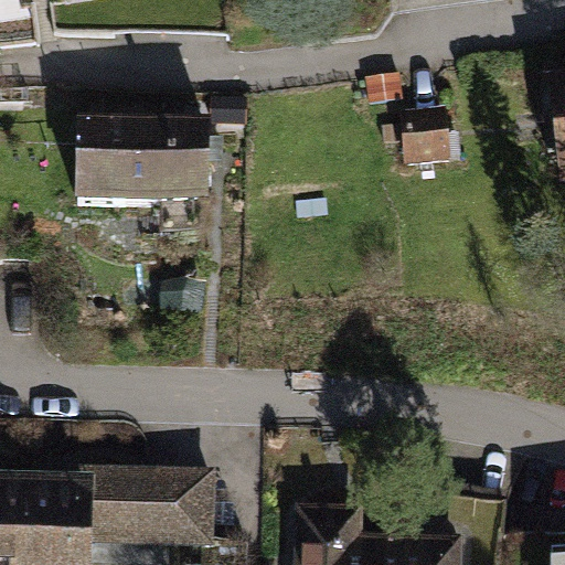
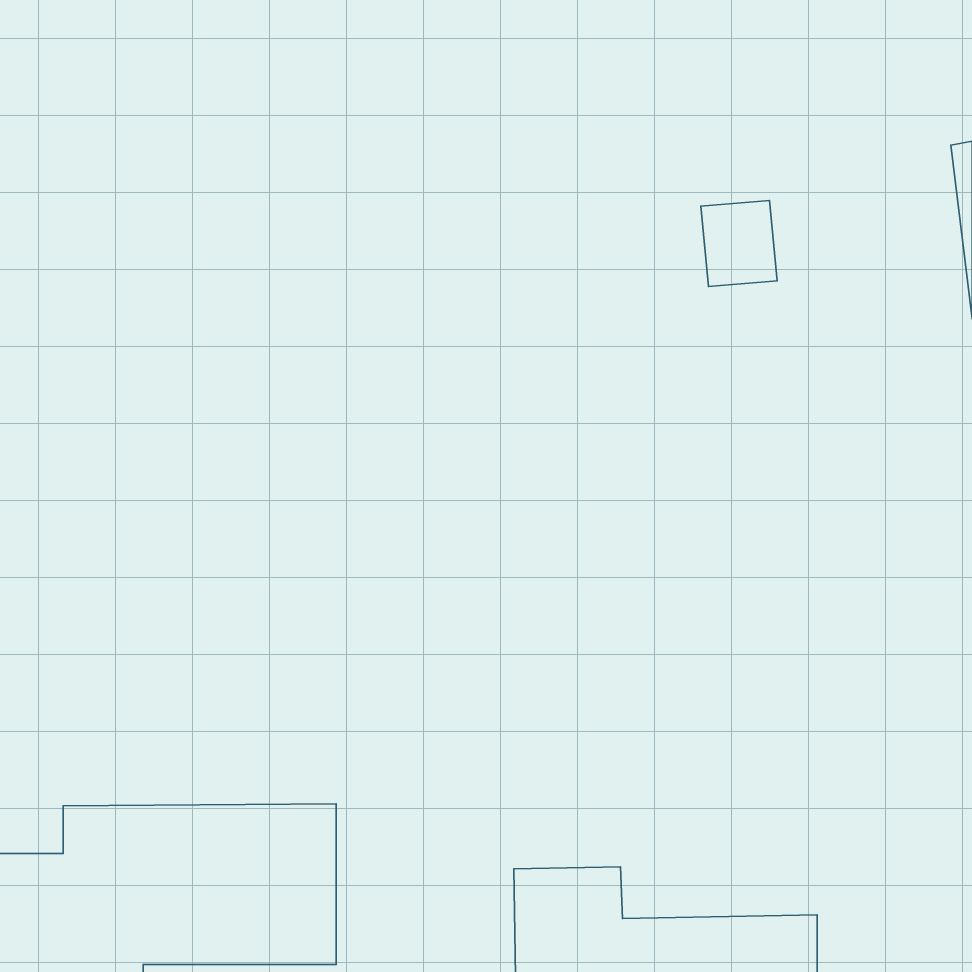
building: [78,128,203,241] -> none

